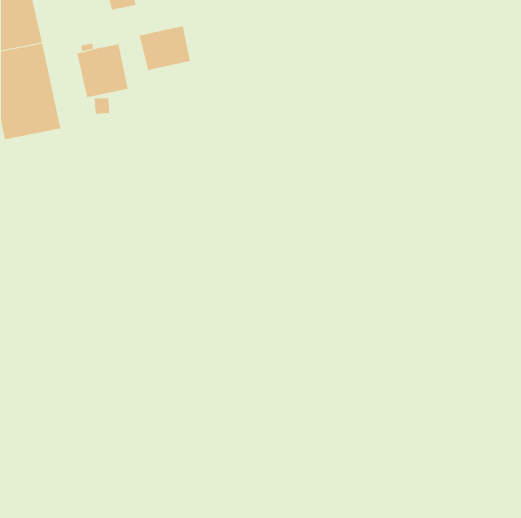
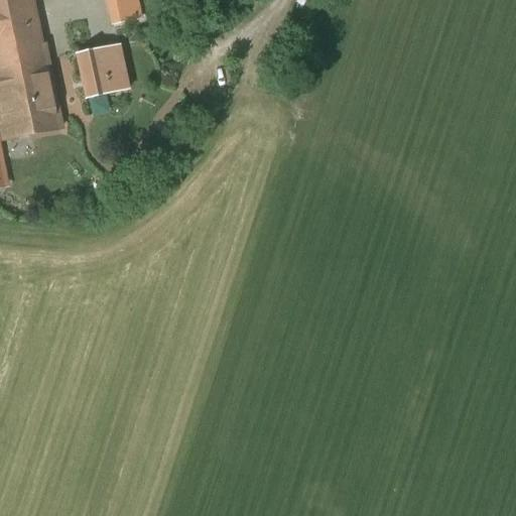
building: [139,26,191,71] -> none

